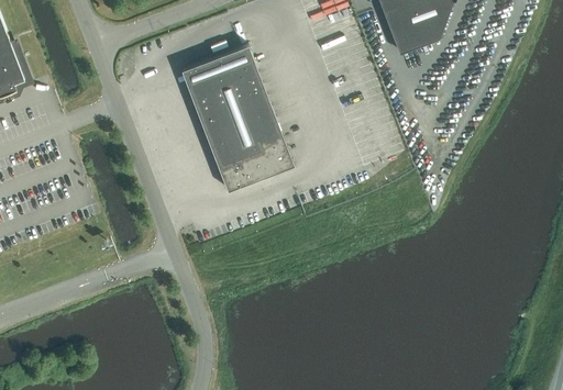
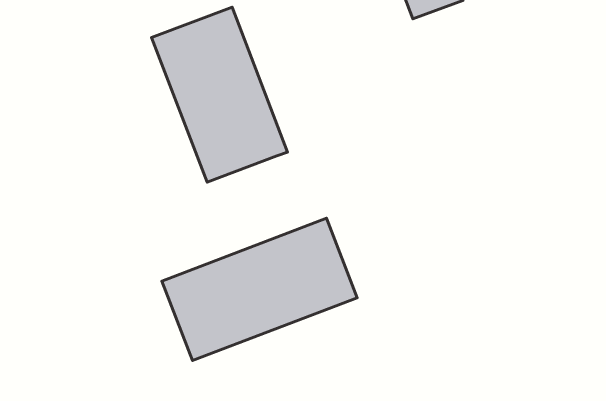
building: none -> [162,218,357,361]

